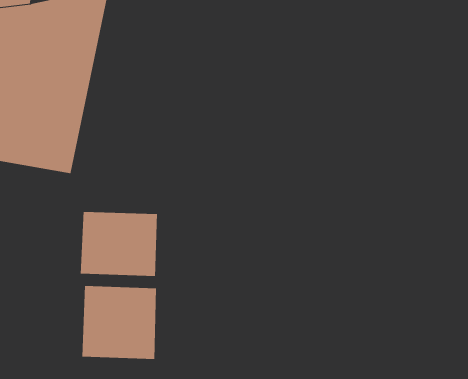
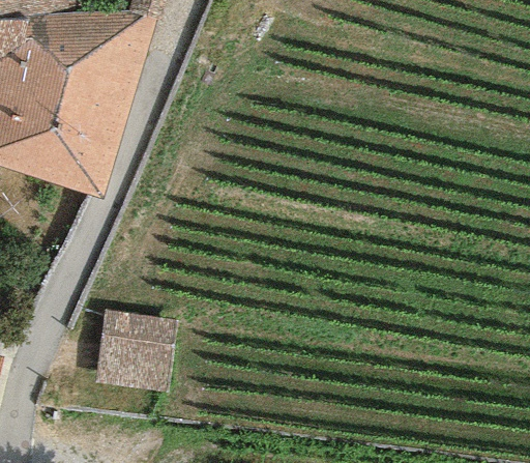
building: [80,211,157,277] -> none

